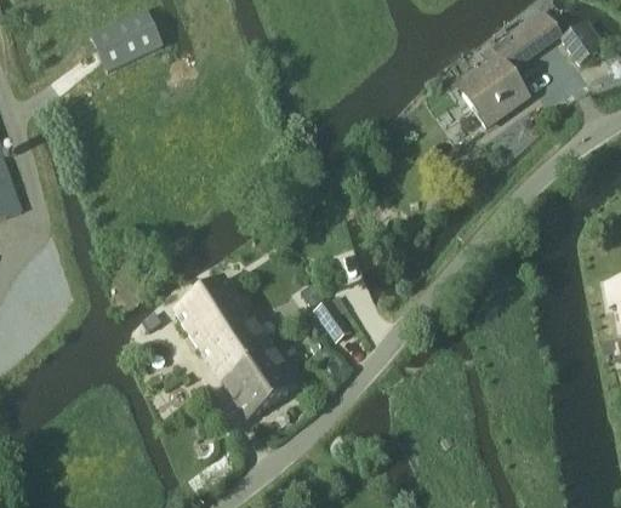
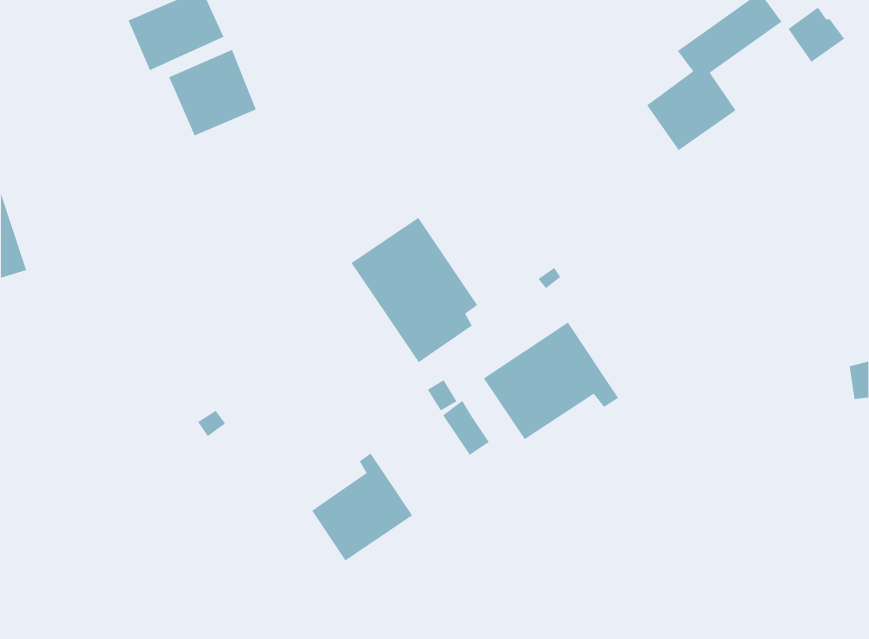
building: none -> [168,49,257,136]
building: none -> [483,321,619,440]
building: [173,276,264,381] -> [350,217,478,363]

